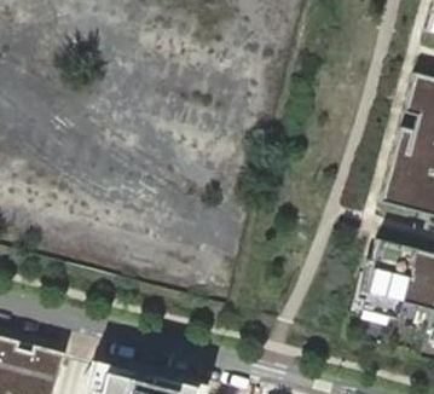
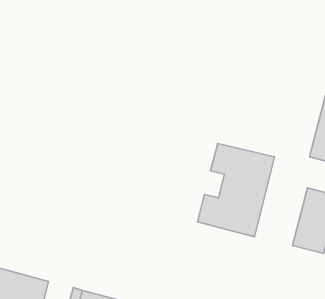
building: none -> [197,143,275,237]

